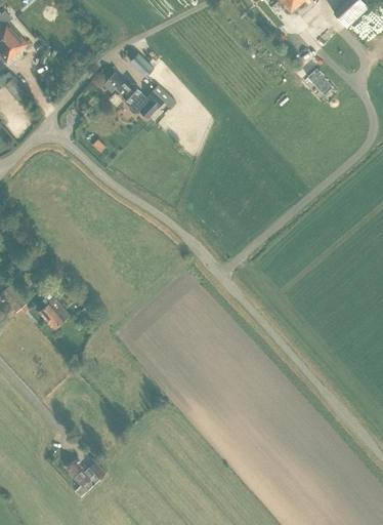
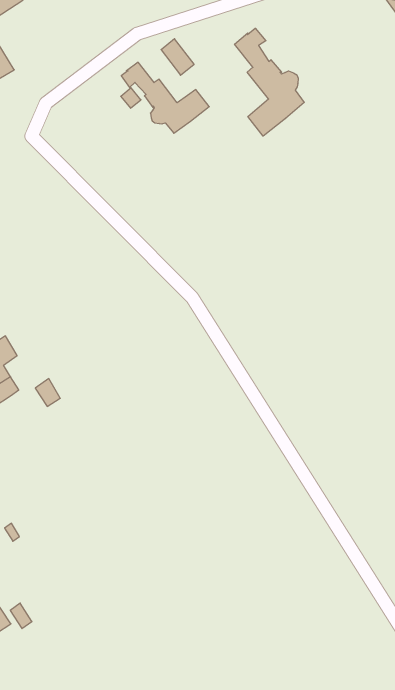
building: none -> [235,28,304,136]

